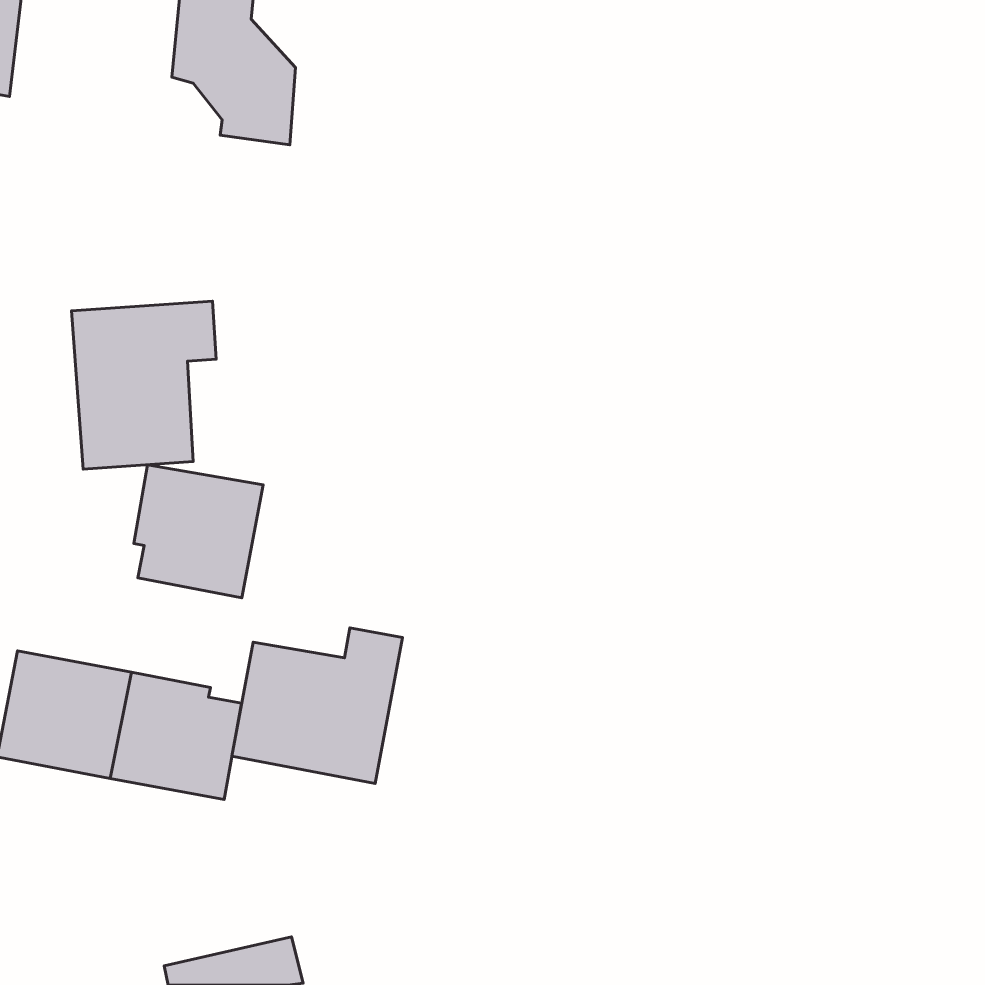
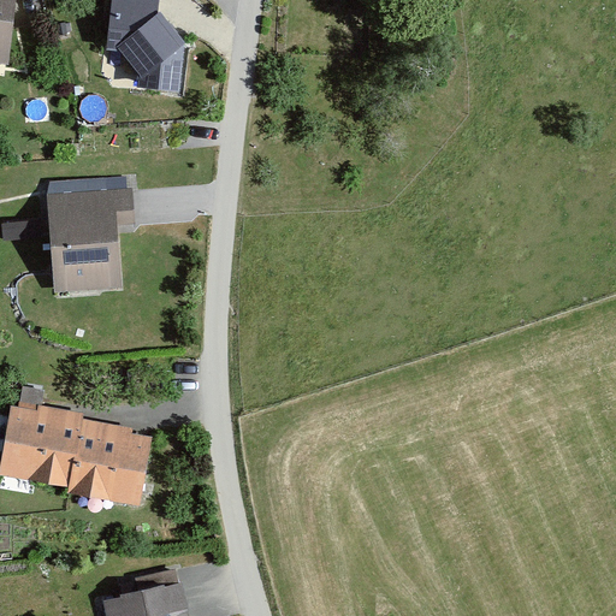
building: [134,465,263,598] -> none
building: [232,628,402,784] -> none

